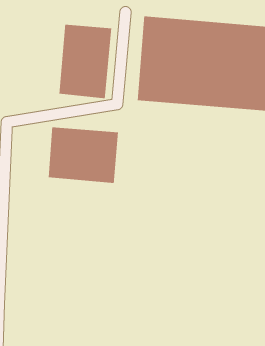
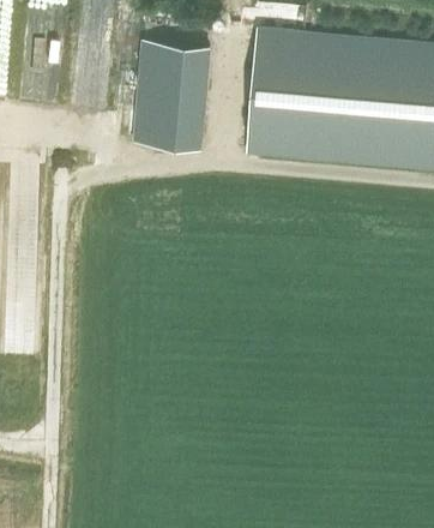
building: [48,126,119,184] -> none

